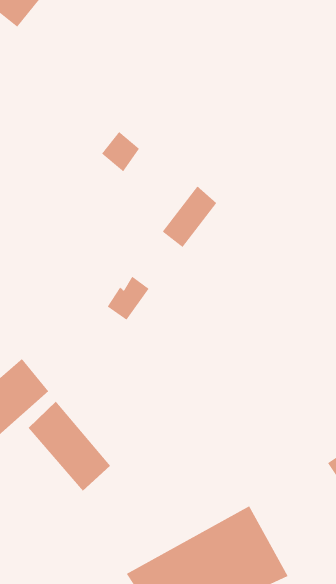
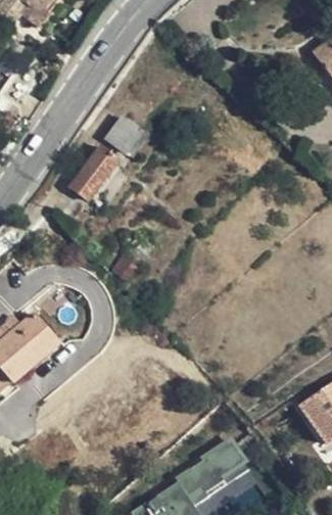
building: [162,186,217,248] -> [69,145,117,199]
building: [28,401,111,492] -> none

